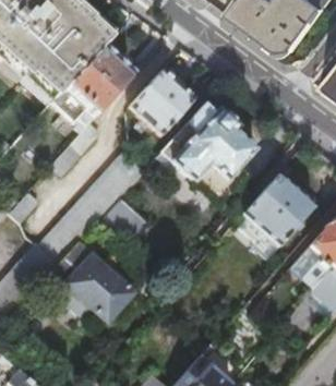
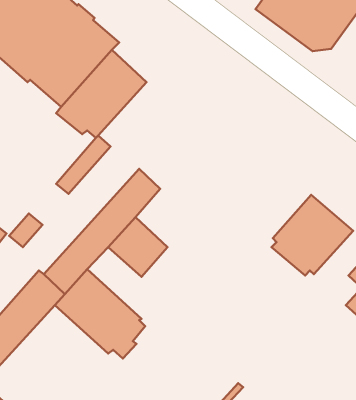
building: [129,71,194,136] -> none
building: [161,105,255,205] -> none

